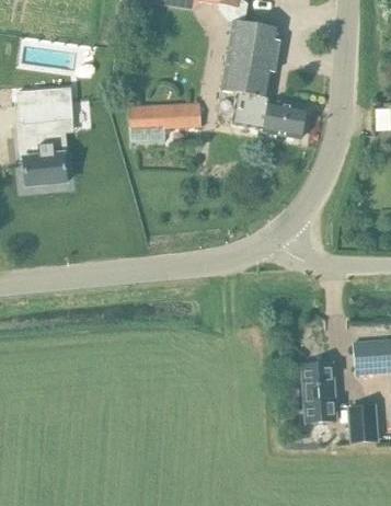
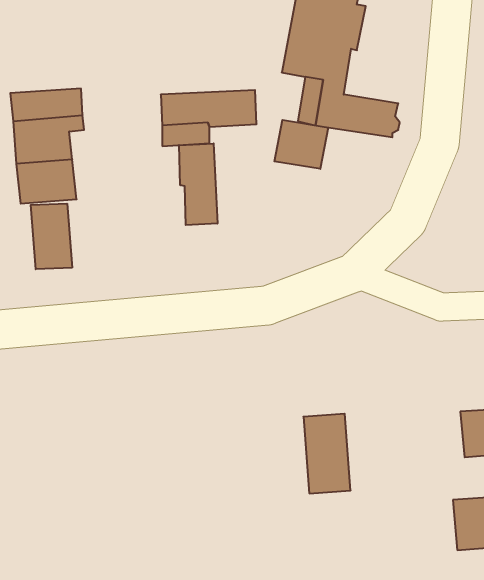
building: none -> [274,120,328,169]
building: none -> [179,143,217,225]
building: none -> [31,204,72,269]
building: [302,363,337,422] -> [303,414,351,493]

